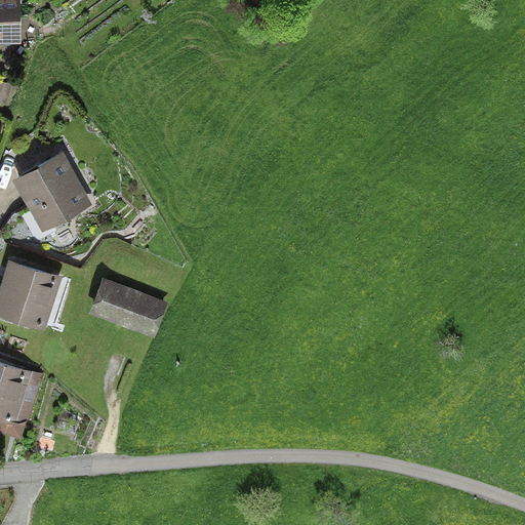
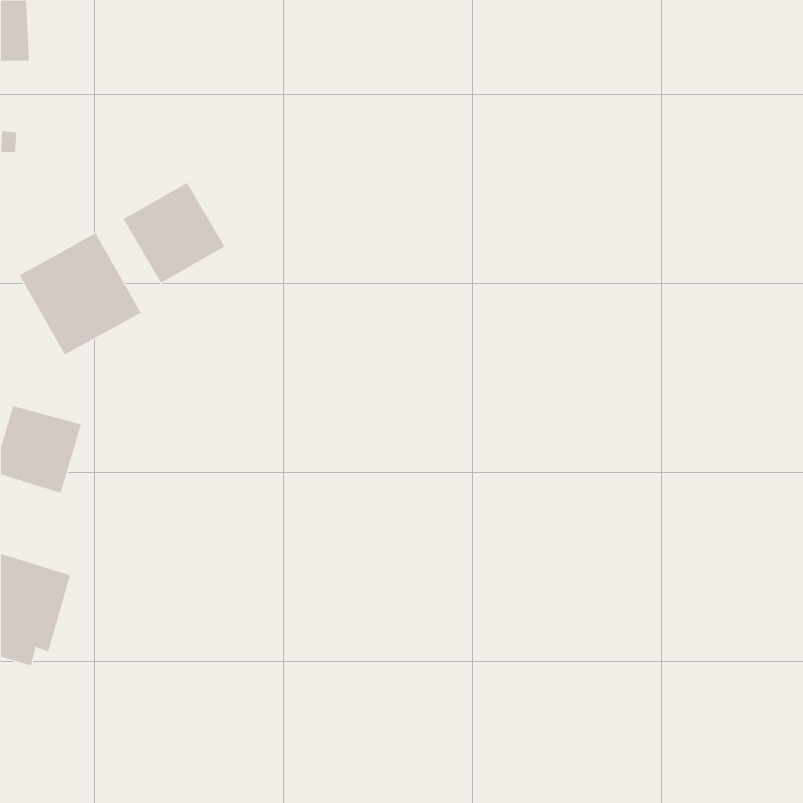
building: none -> [123,182,225,284]
building: [85,277,162,333] -> none

